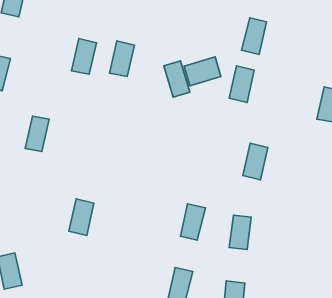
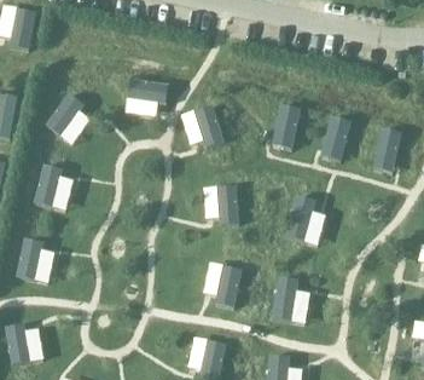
building: [242,18,267,54] -> [323,119,352,161]
building: [72,39,97,74] -> [51,96,80,137]
building: [184,57,221,86] -> none
building: none -> [214,184,238,224]
building: [69,199,94,235] -> [16,240,45,282]

